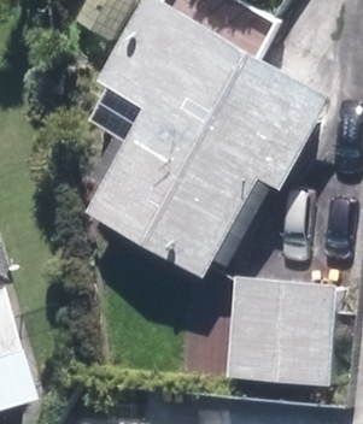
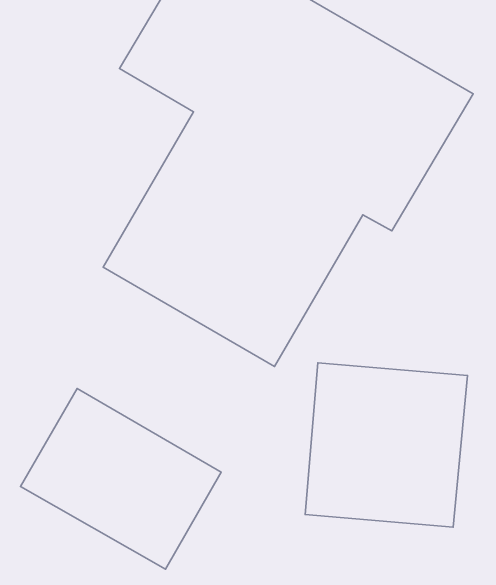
building: none -> [21,389,221,569]

